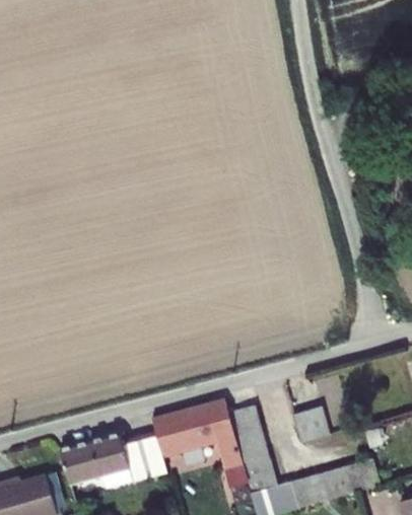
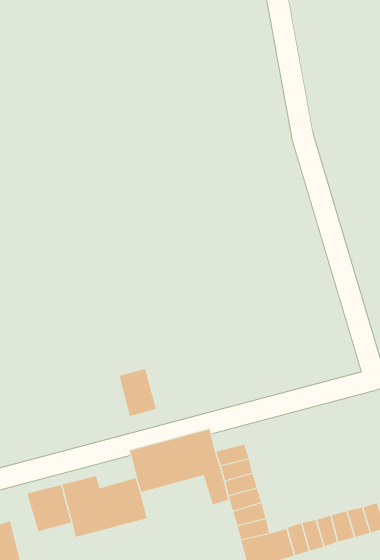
building: none -> [119,368,156,417]
building: [292,408,330,444] -> none

